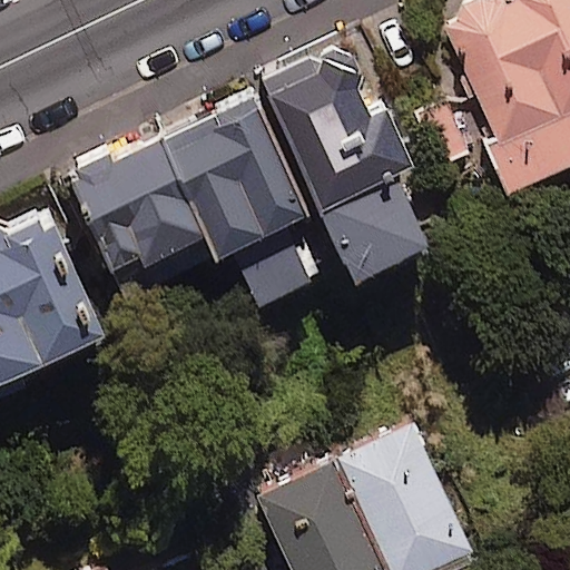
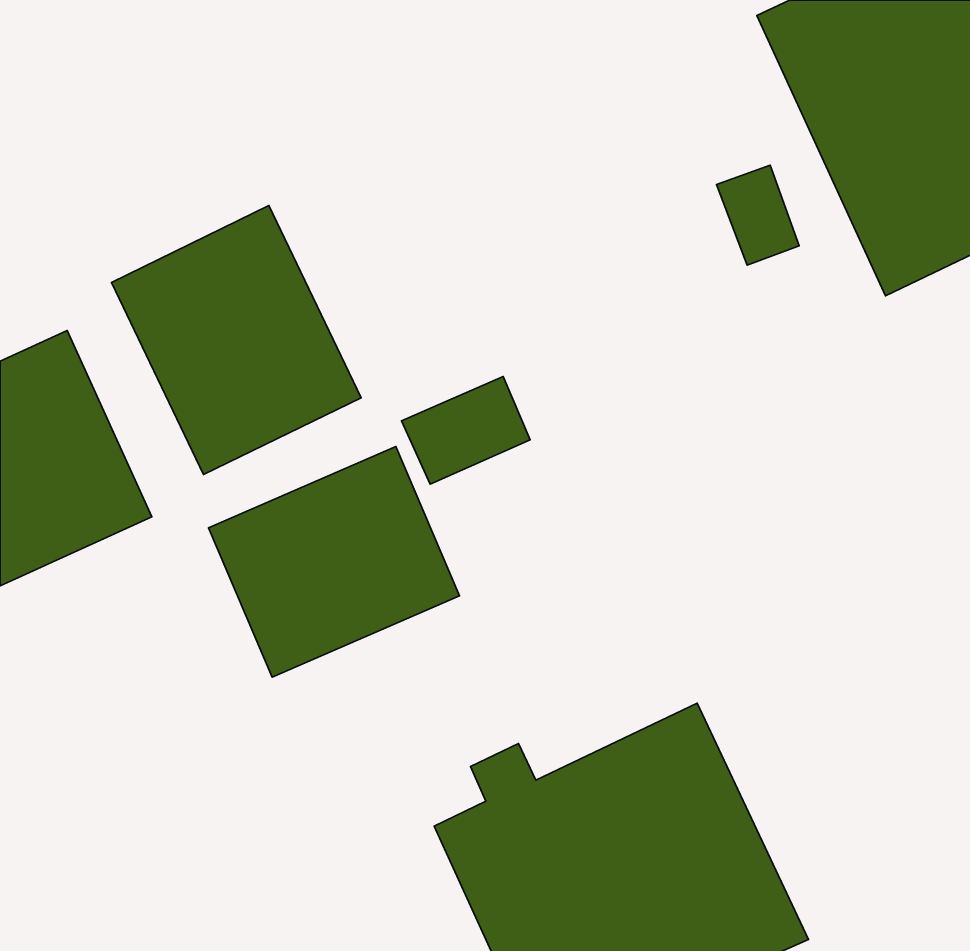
building: [263,49,422,271] -> none
building: [163,96,303,248] -> none
building: none -> [208,446,459,677]

